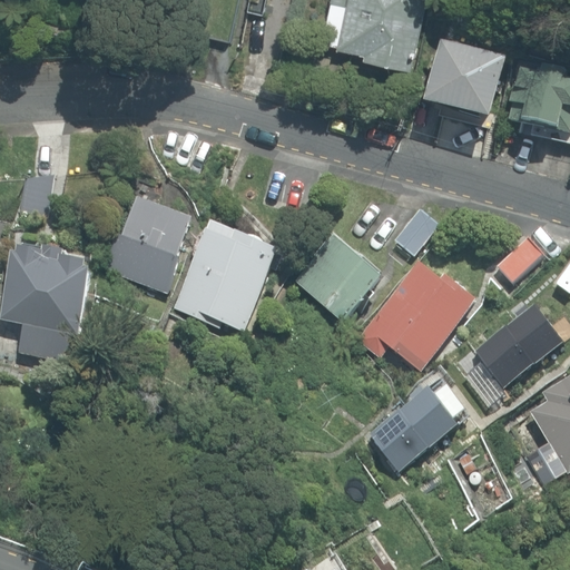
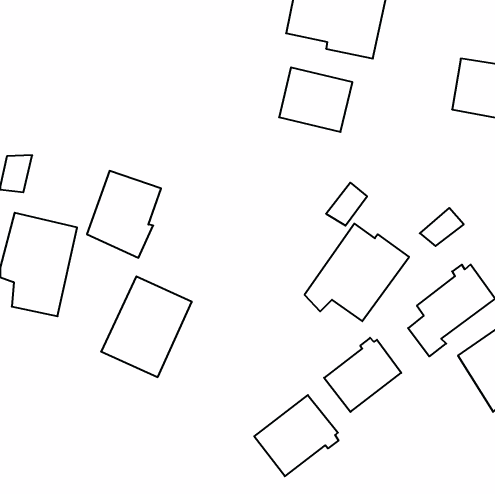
building: [439,42,522,116] -> [279,67,352,132]
building: [173,223,276,337] -> [101,276,192,377]
building: [286,232,377,321] -> none
building: none -> [254,395,338,476]

